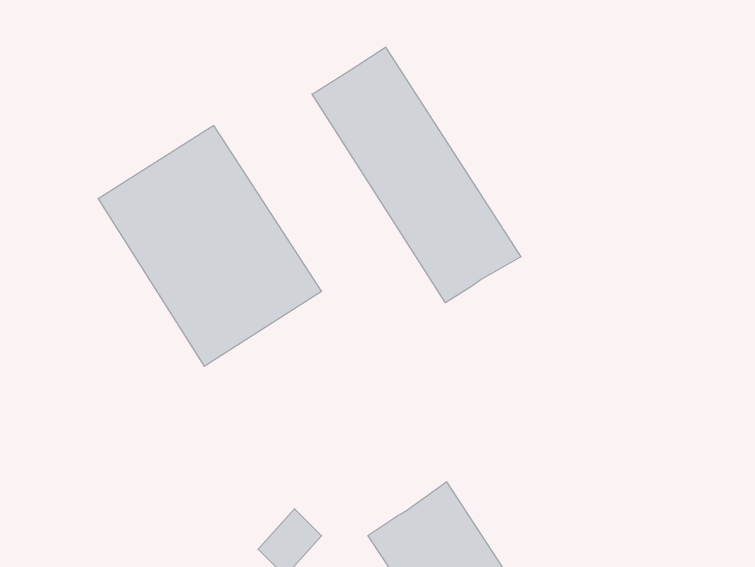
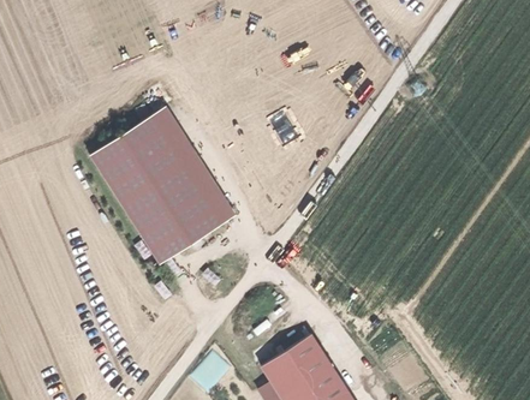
building: [312,47,521,303] -> none

